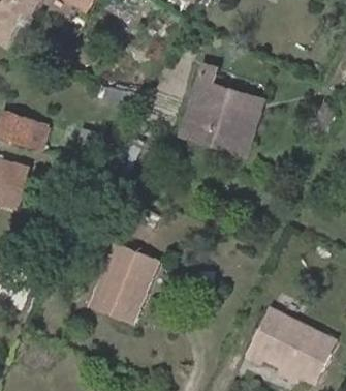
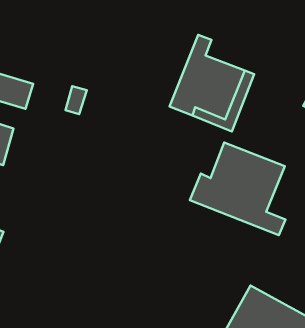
building: none -> [190,143,285,235]
building: [91,247,157,328] -> none

